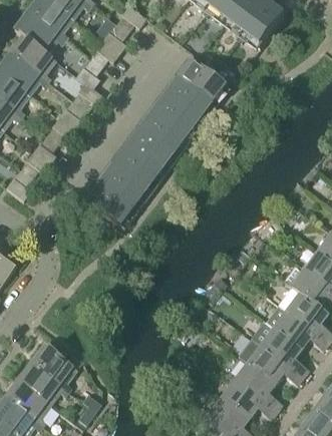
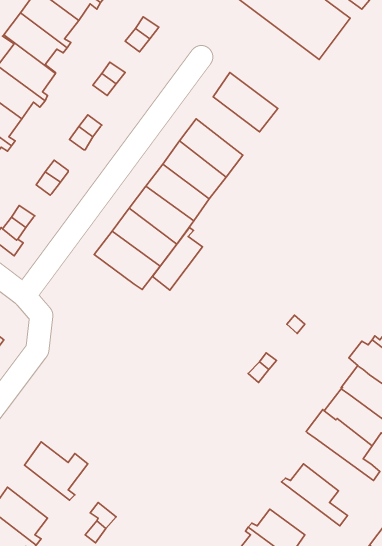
building: [165,76,215,121] -> none
building: none -> [153,228,202,290]
building: [239,337,303,382] -> none
building: [19,362,67,403] -> none
building: [223,375,277,416] -> none

